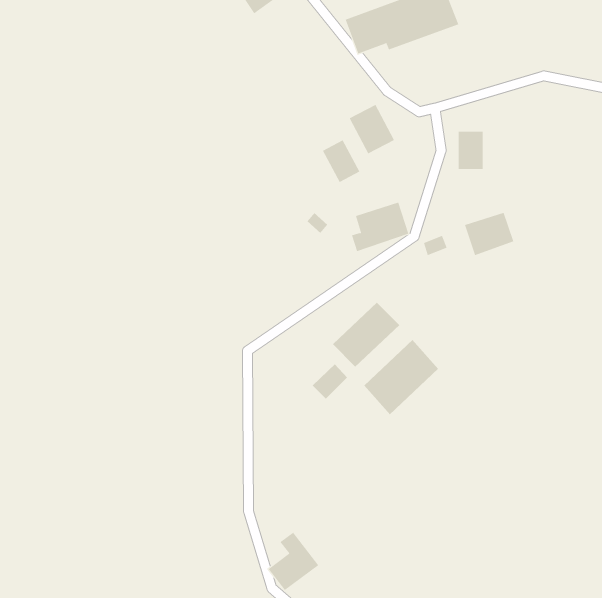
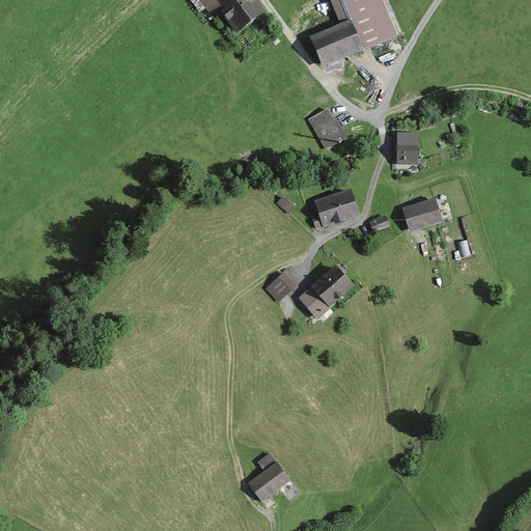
building: [322,140,360,183] -> none
building: [363,339,439,415] -> none
building: [312,364,348,399] -> [267,272,296,301]

